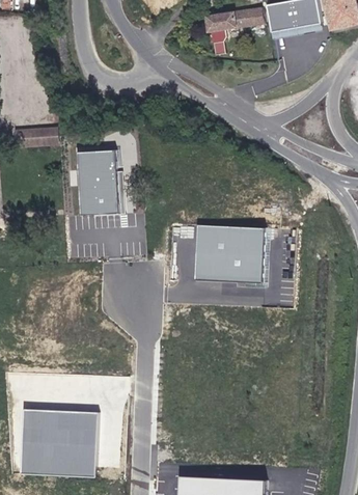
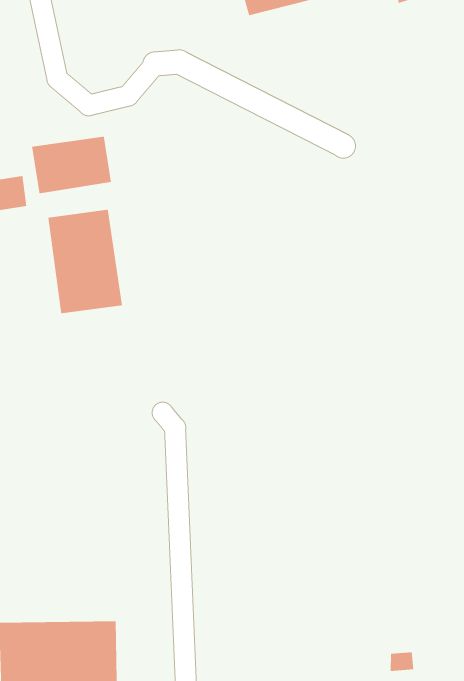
building: none -> [32,136,112,194]
building: [192,225,263,282] -> none

